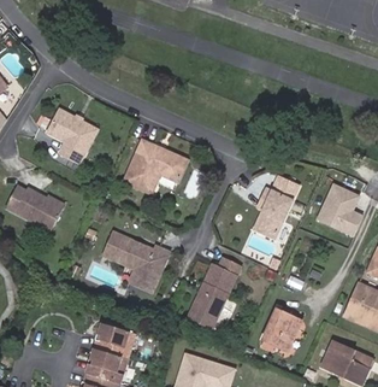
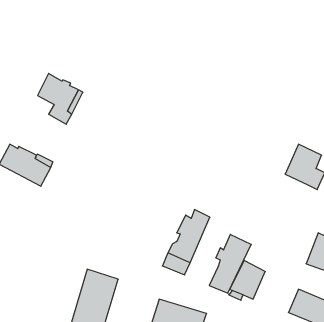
building: [120,140,185,194] -> none
building: [255,174,301,238] -> [209,234,251,293]
building: [100,231,167,292] -> none

